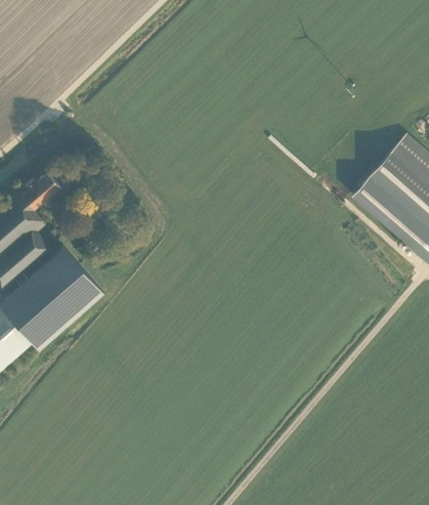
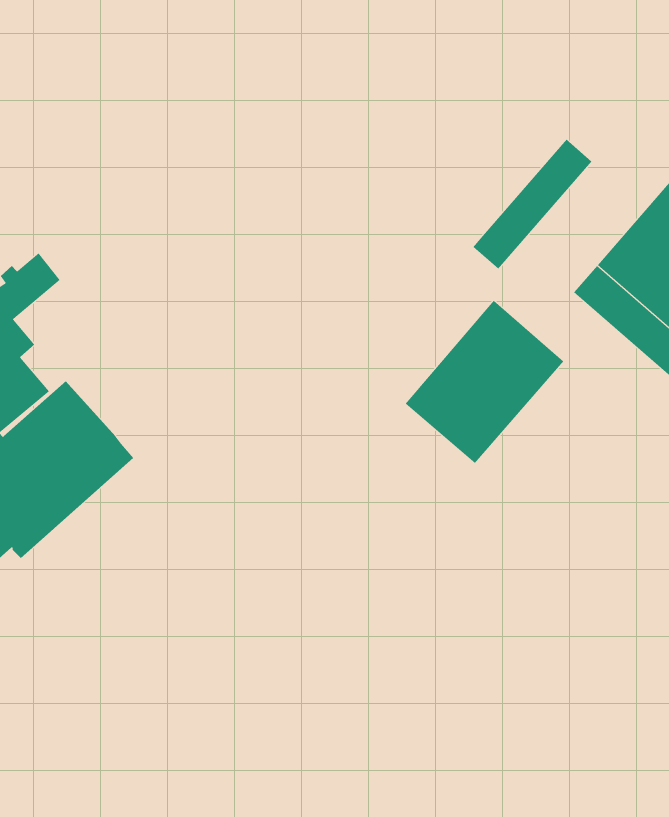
building: none -> [472,139,592,270]
building: none -> [405,300,564,464]

